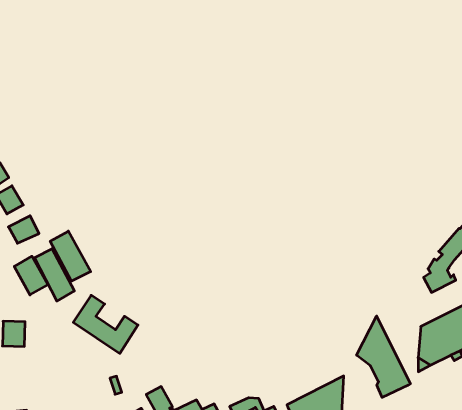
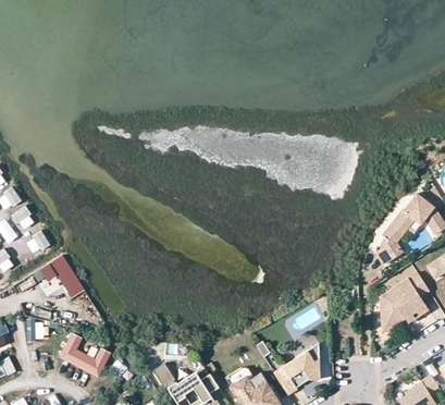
building: [50,231,91,281] -> none
building: [73,295,138,353] -> [59,332,113,379]
building: [357,316,410,397] -> none

